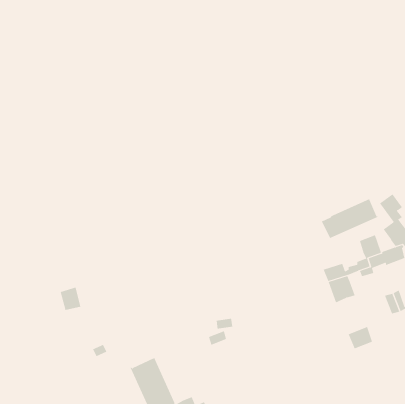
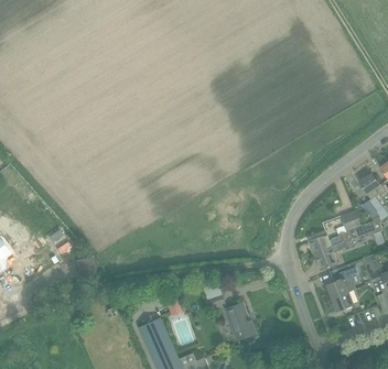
building: [321,198,378,239] -> none
building: none -> [325,265,359,297]
building: none -> [226,303,254,339]

